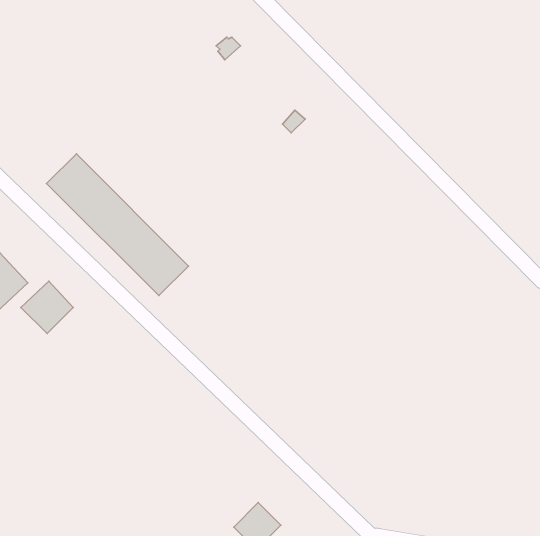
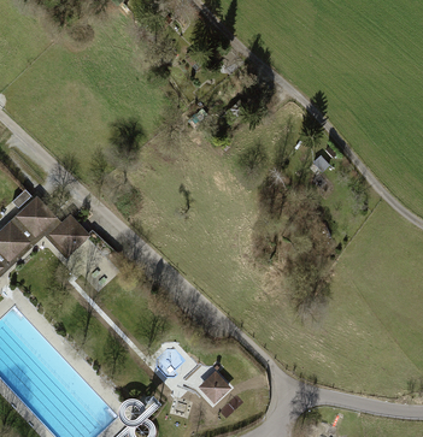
building: [47,154,189,296] -> none

